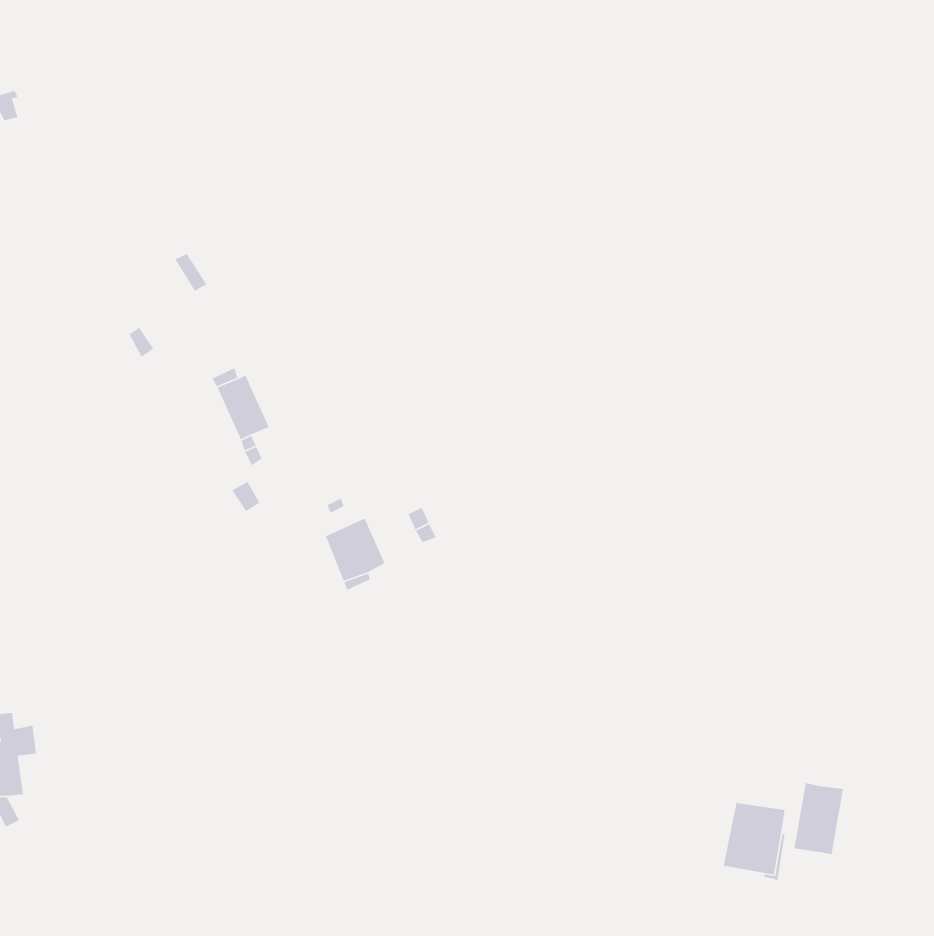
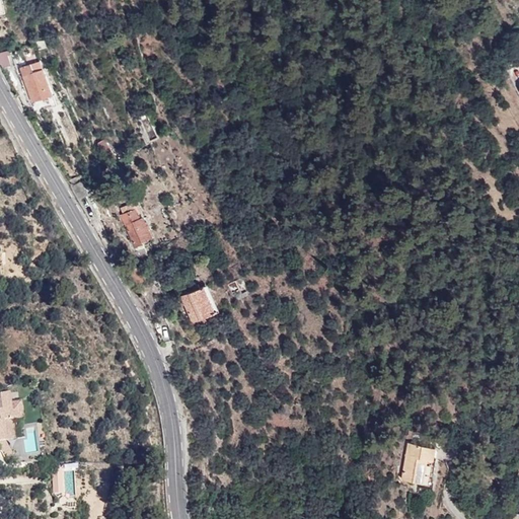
building: none -> [19,61,52,102]
building: [794,782,844,855] -> none

